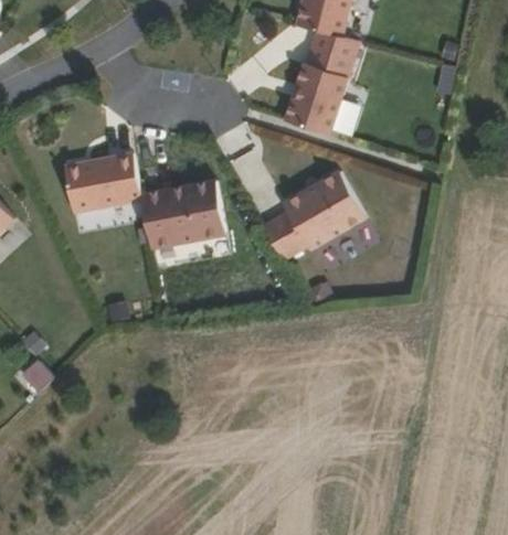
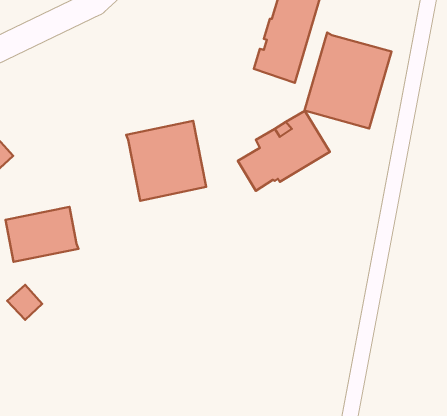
building: none -> [304,33,392,128]
building: [63,152,144,213] -> [6,207,79,262]

